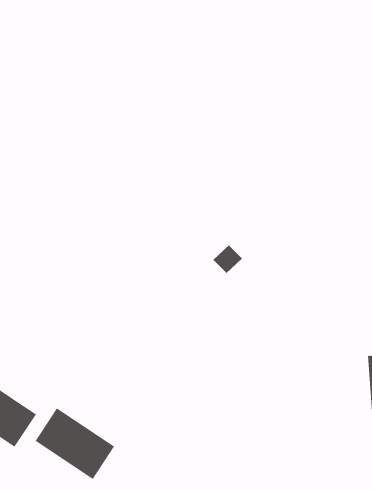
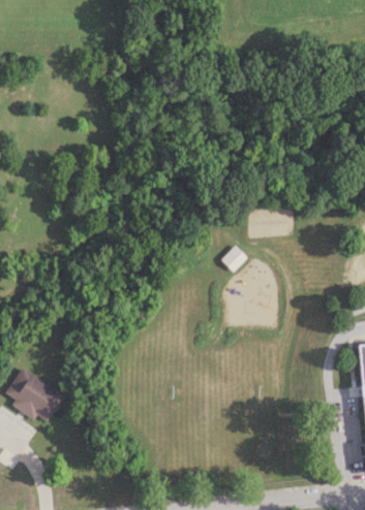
building: [35,407,115,480] -> none

